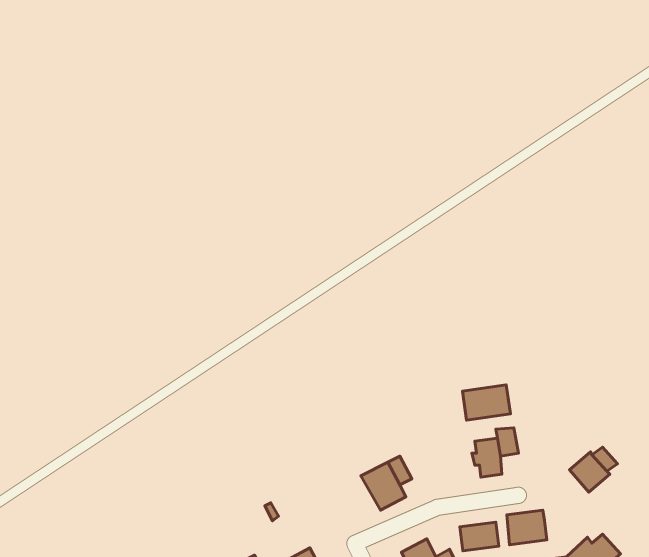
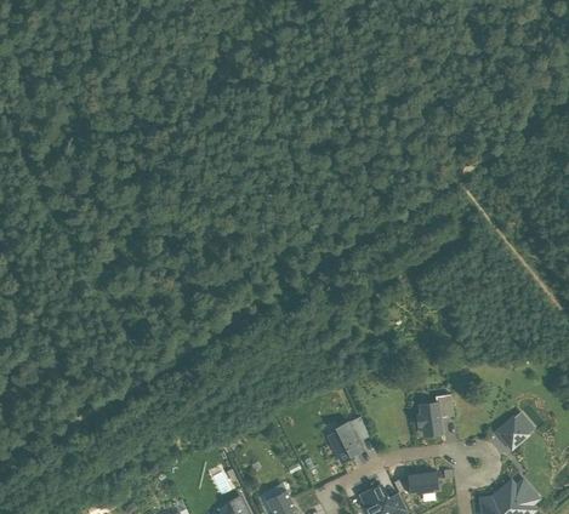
building: [462,385,510,420] -> none
building: [507,510,547,545] -> none

